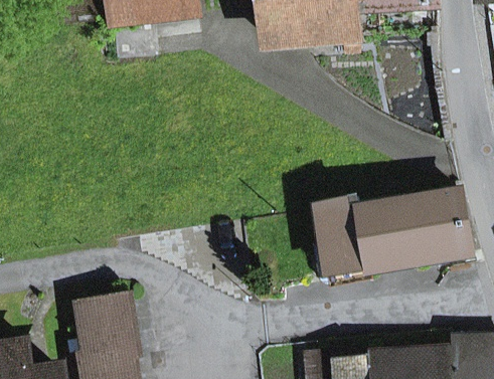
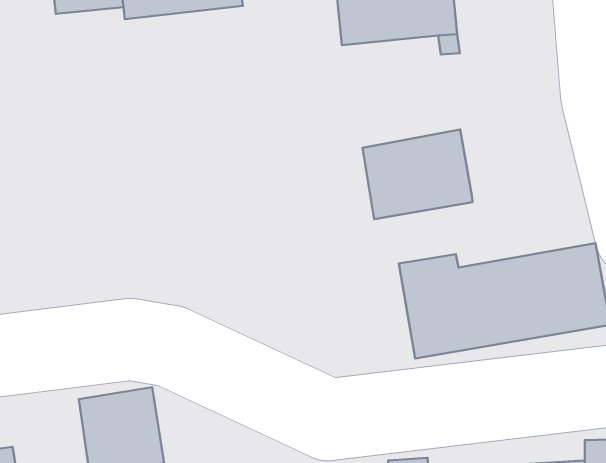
building: none -> [362,130,473,219]

